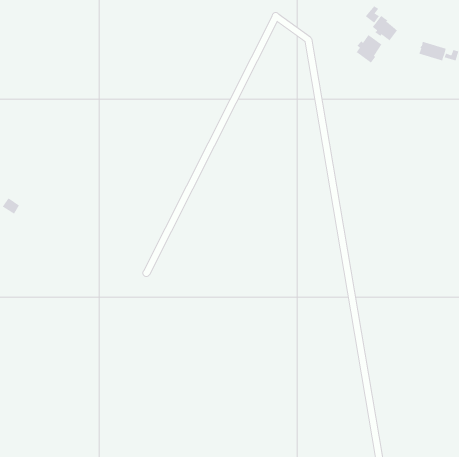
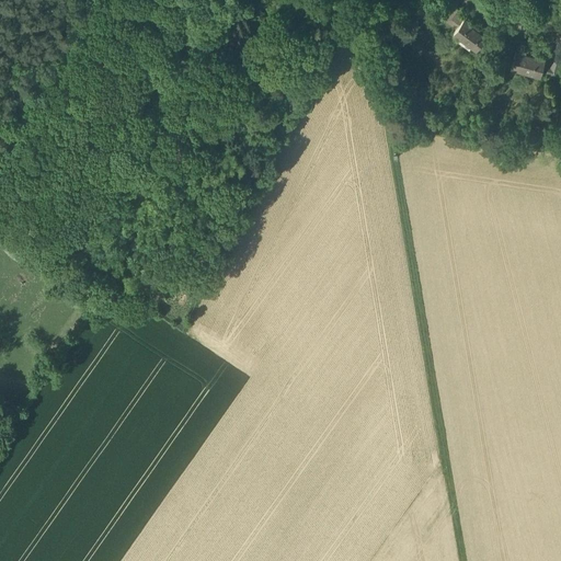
building: [356,34,382,63] -> none

